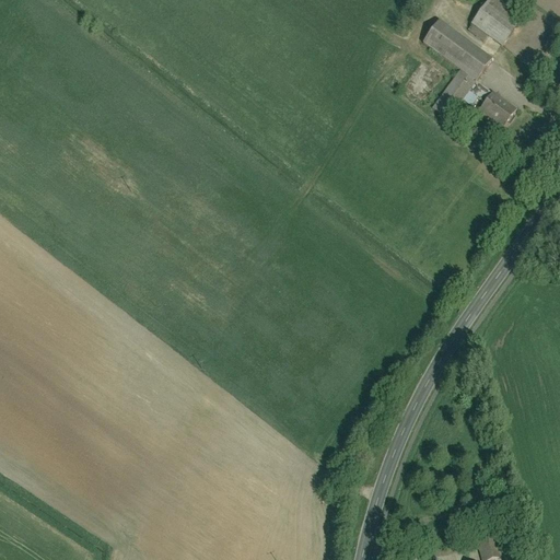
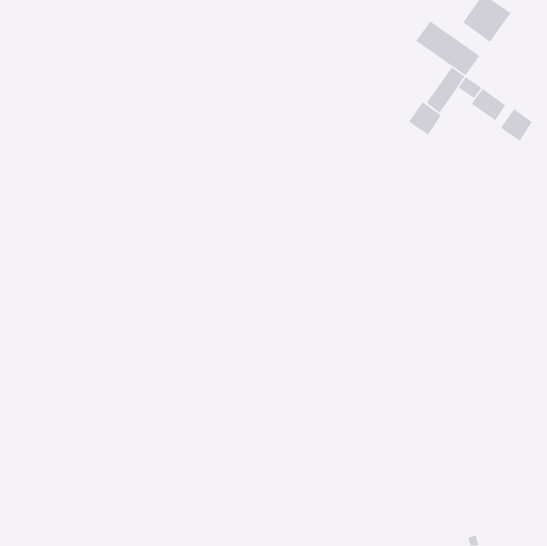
building: none -> [408,101,442,135]
building: none -> [500,108,533,141]

